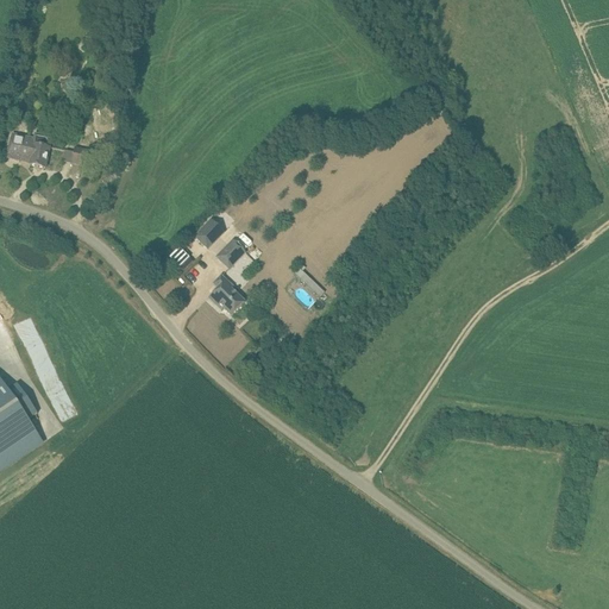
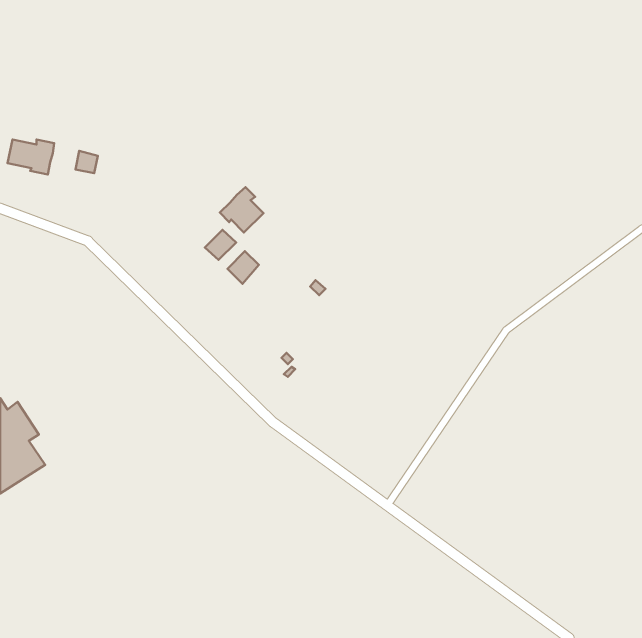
building: none -> [220,187,264,233]
building: [208,274,245,314] -> none

